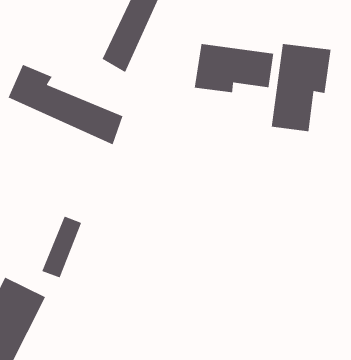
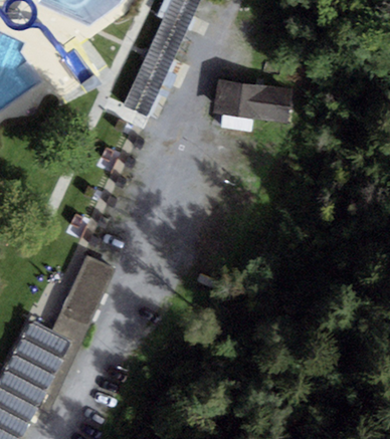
building: [271,43,332,132] -> none
building: [7,64,123,145] -> none

